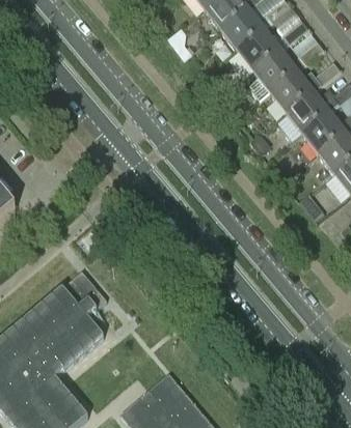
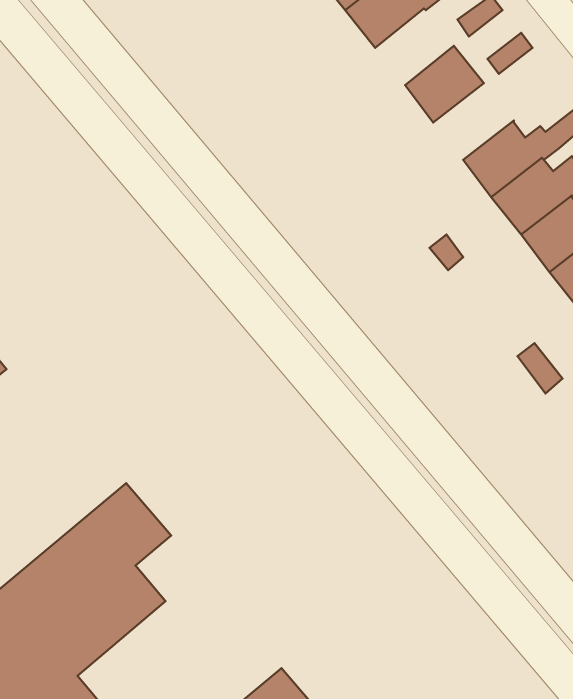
building: [220,6,264,49] -> none
building: [249,40,324,98] -> none

